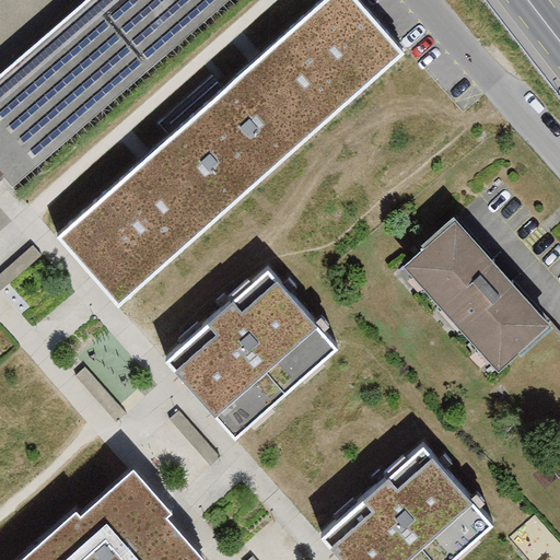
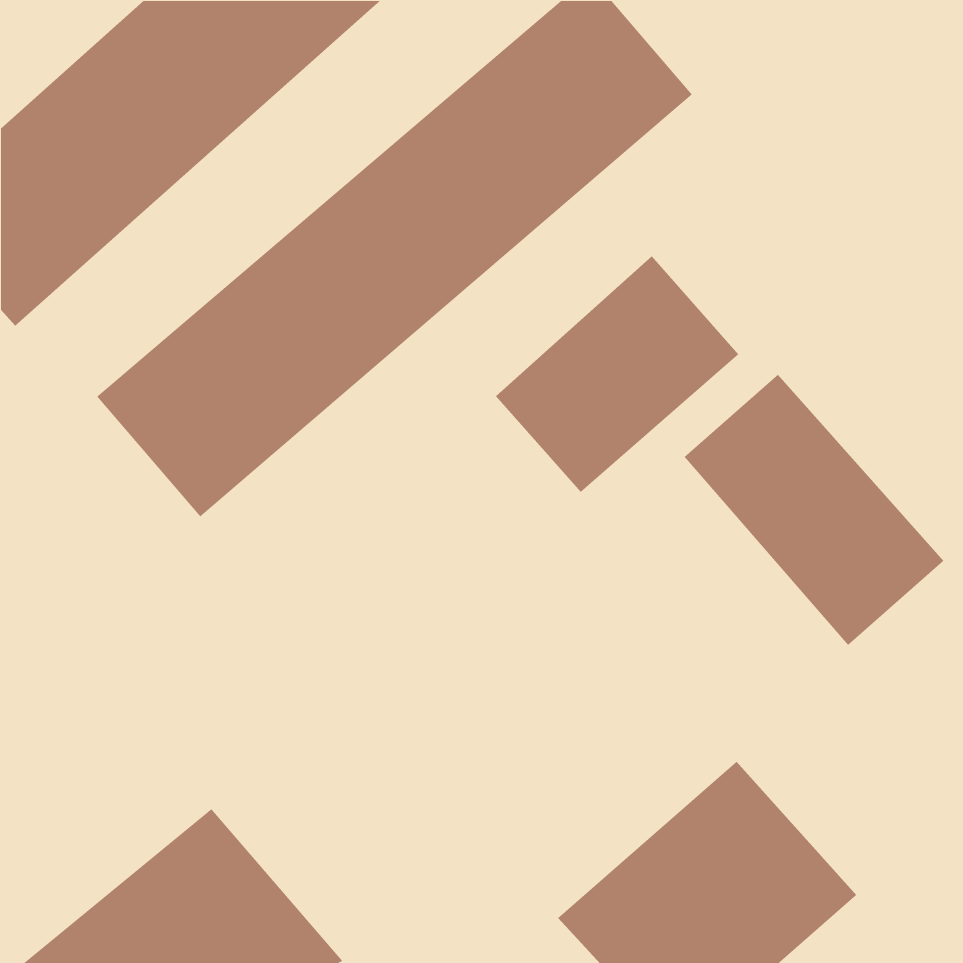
building: none -> [495,256,739,493]
building: [166,268,340,439] -> none

